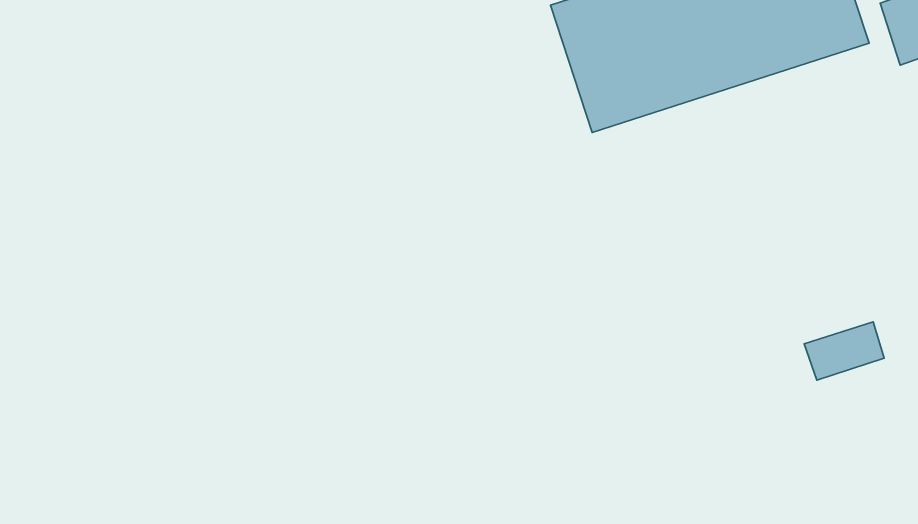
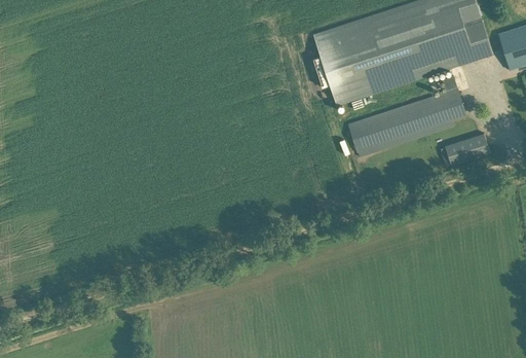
building: none -> [347,76,465,158]
building: [804,322,884,380] -> [444,134,489,167]

